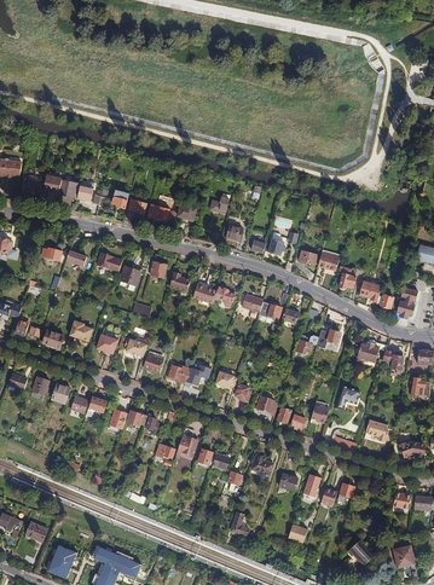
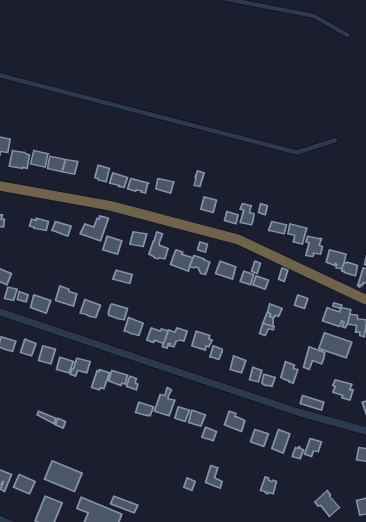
building: none -> [319,333,352,358]
building: none -> [44,461,82,492]

